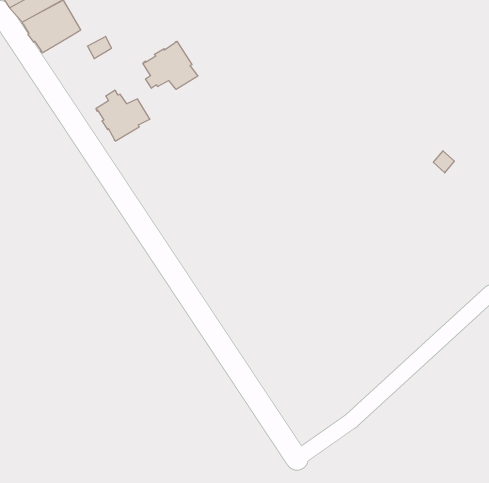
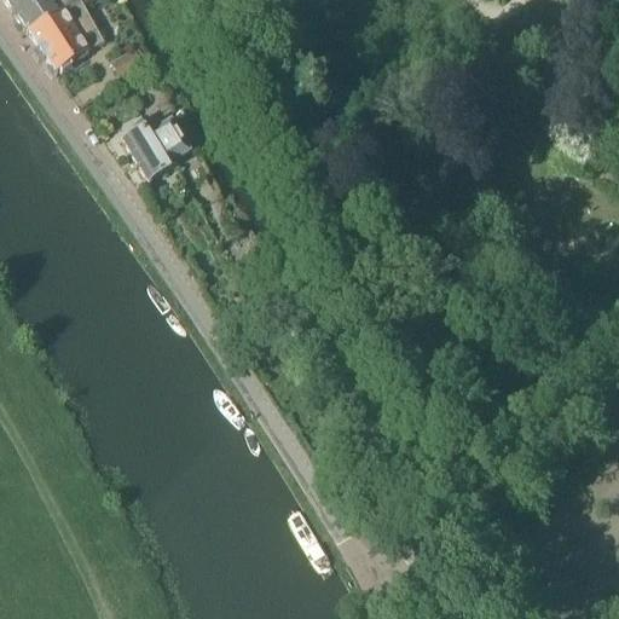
building: [143,41,198,89] -> none

